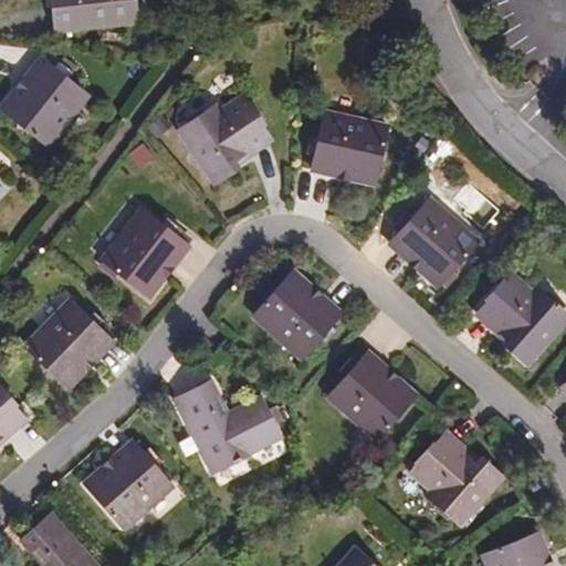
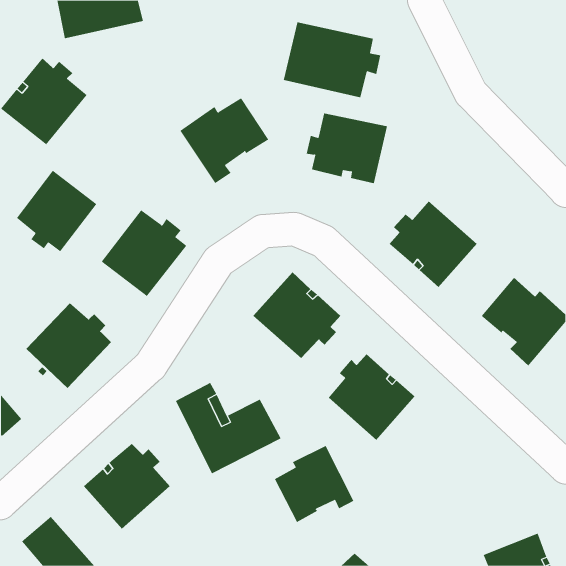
building: none -> [283,21,381,98]
building: none -> [16,170,97,252]
building: [412,437,502,526] -> none
building: none -> [274,445,354,523]

